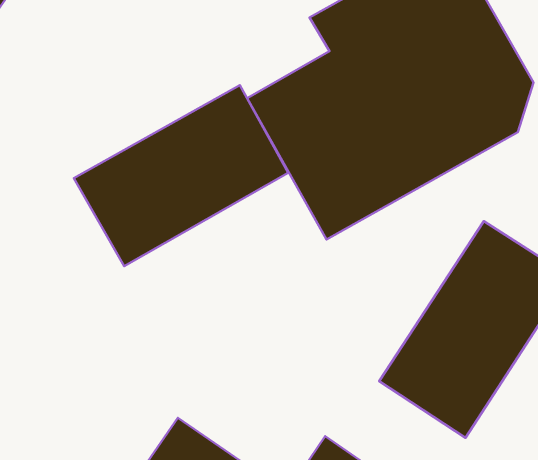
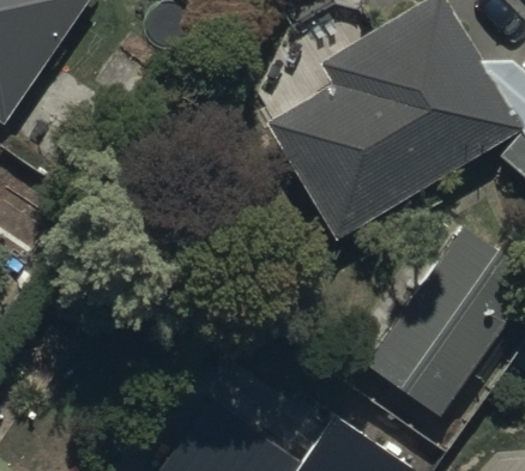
building: [74,85,288,266] -> none

